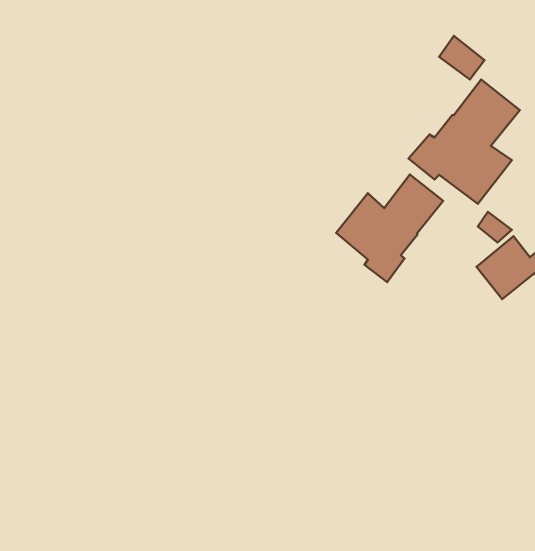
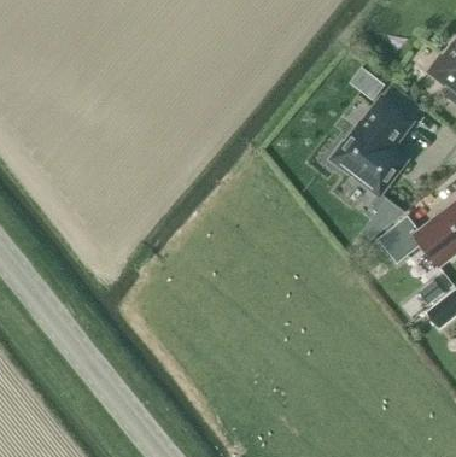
building: [336,175,443,282] -> none

